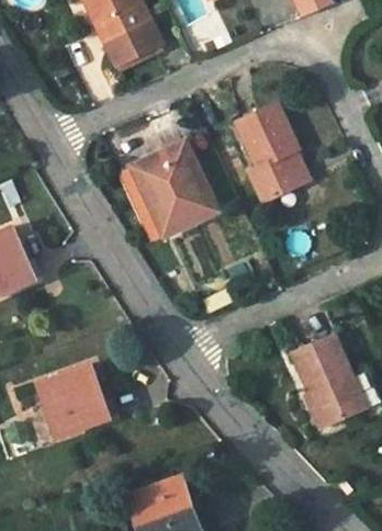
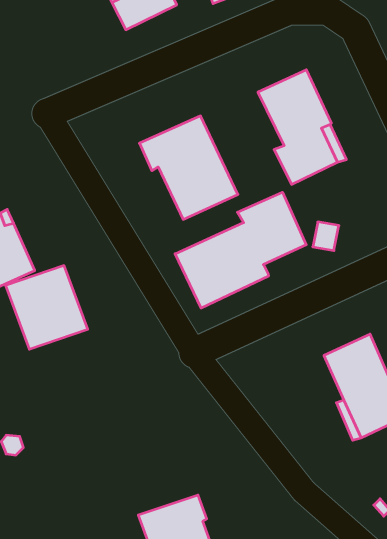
building: none -> [175,192,306,308]
building: [37,363,110,437] -> [6,266,88,349]

